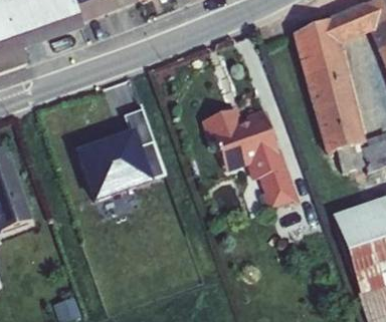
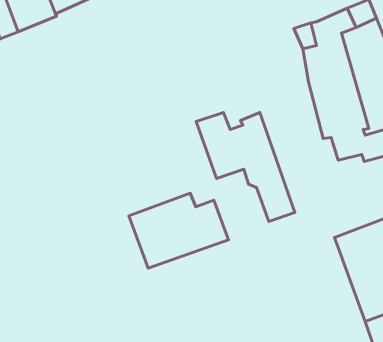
building: [73,132,162,199] -> [129,193,229,268]

